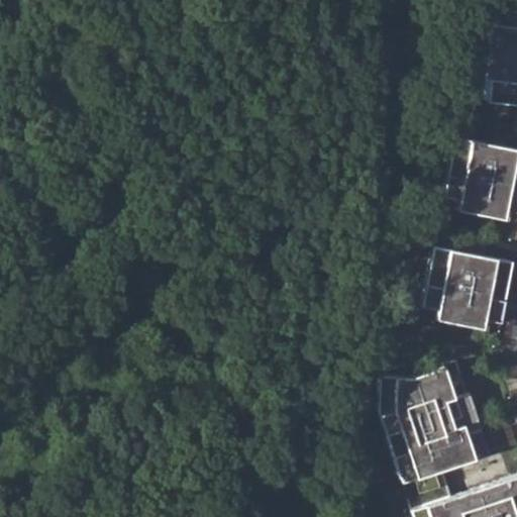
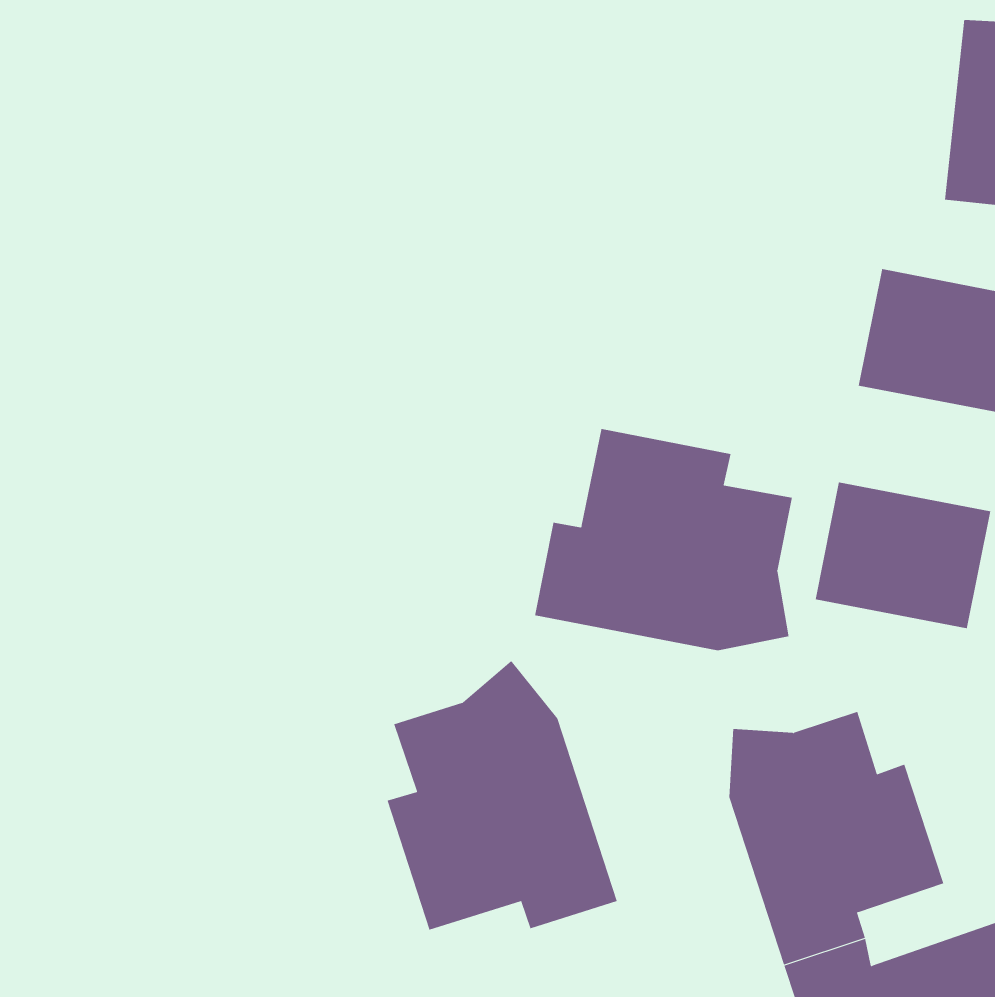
building: none -> [535,428,792,651]
building: none -> [387,660,618,930]

